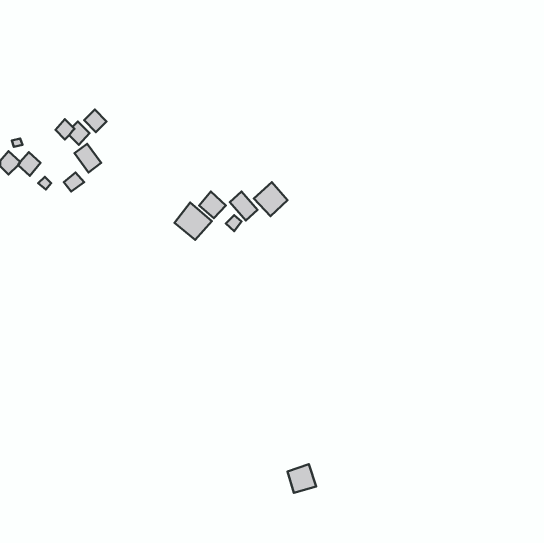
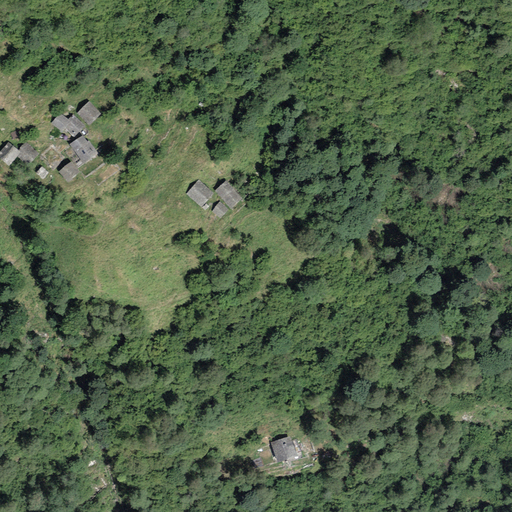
building: [254,182,287,216] -> none
building: [174,203,212,240] -> none

